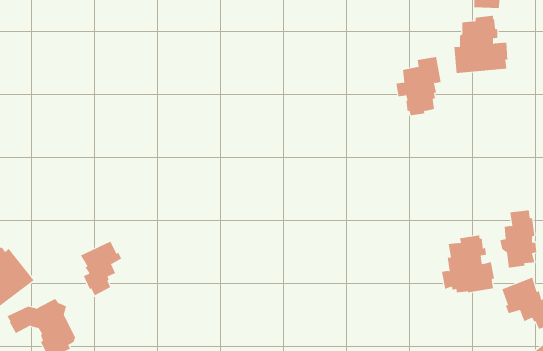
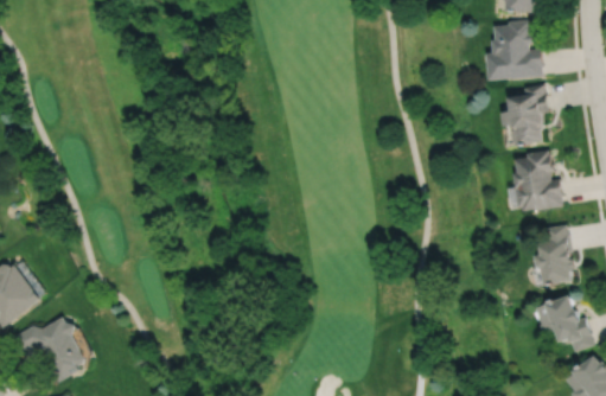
building: [396,57,441,116] -> [500,83,549,146]
building: [441,235,495,293] -> [506,148,563,210]
building: [80,241,122,296] -> none

